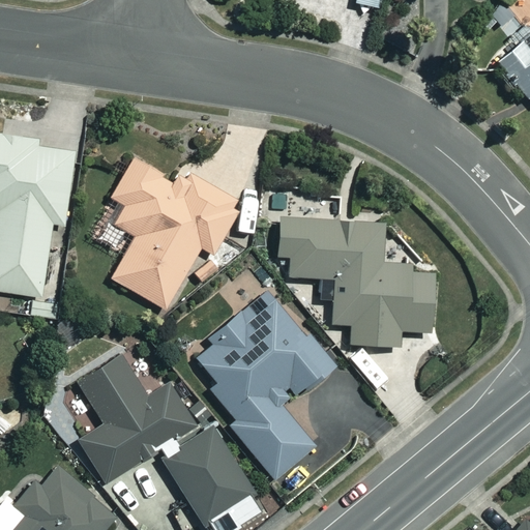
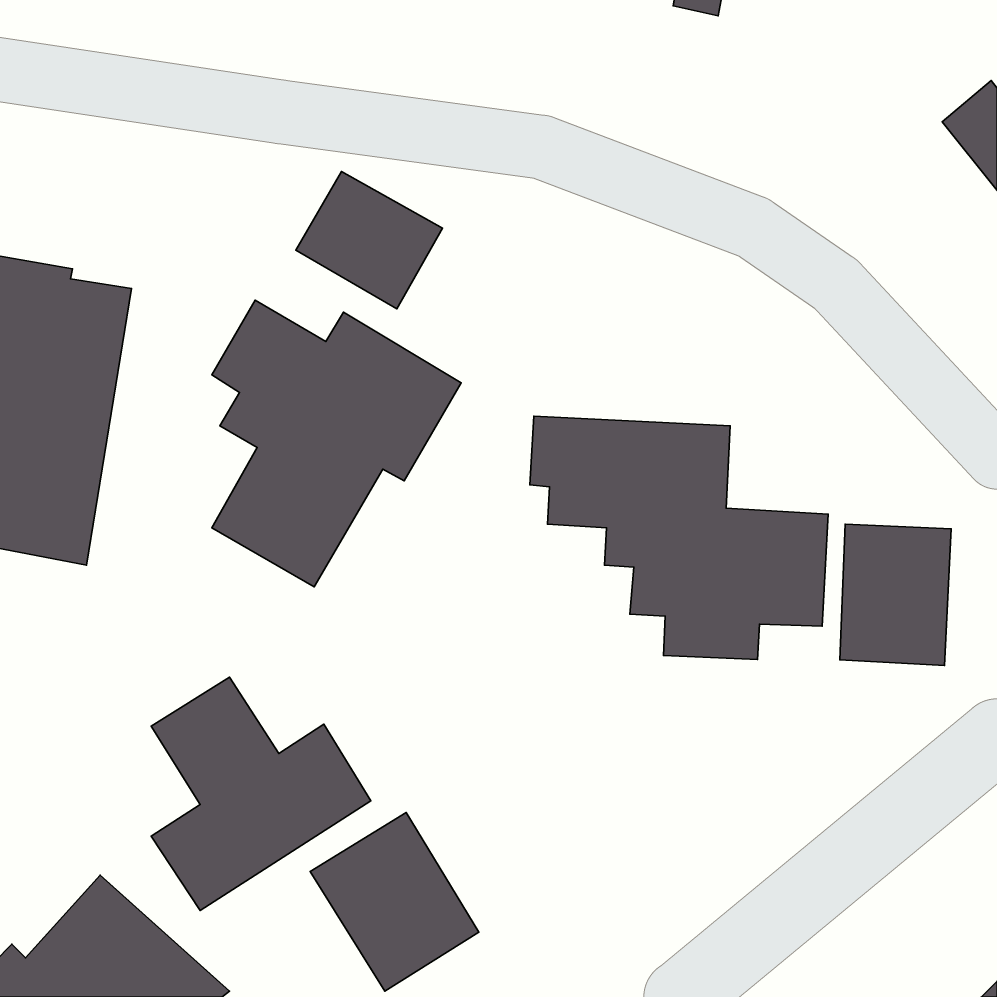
building: none -> [296,171,443,309]
building: none -> [840,524,951,665]
building: [186,302,334,479] -> none

